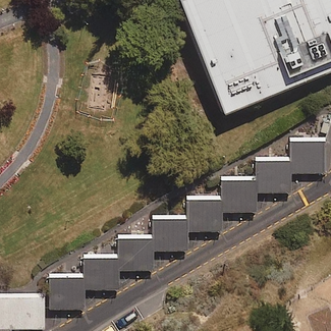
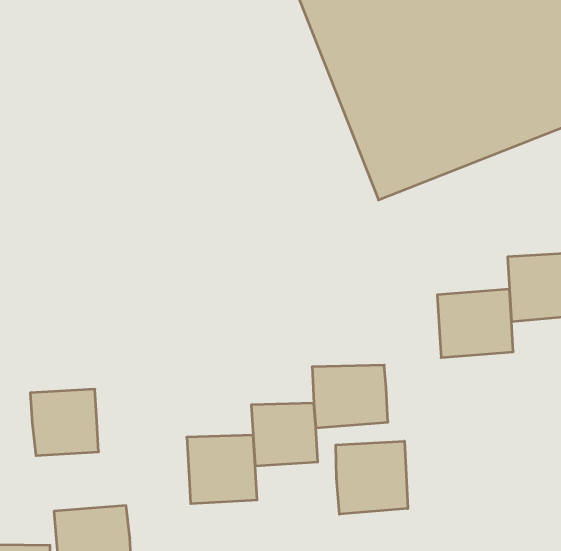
building: [223,177,256,210] -> none
building: none -> [336,441,408,514]
building: [85,255,121,290] -> [30,389,99,456]

